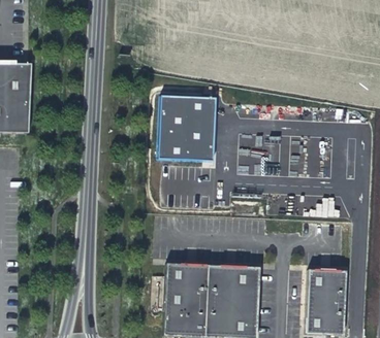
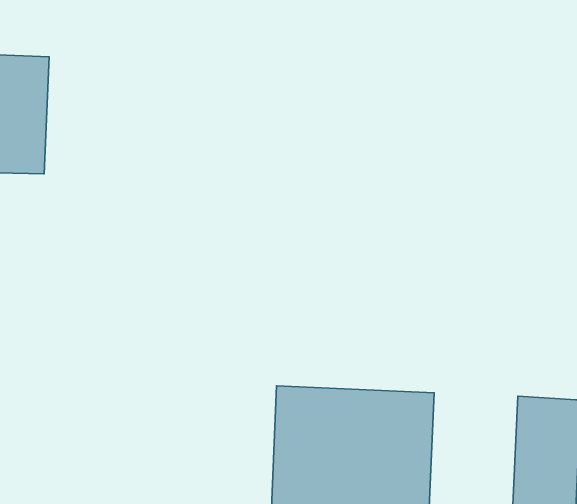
building: [158,93,217,159] -> none

